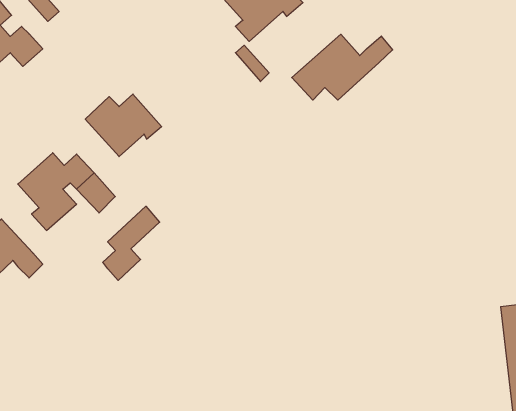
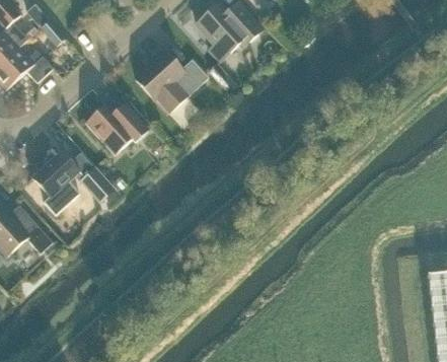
building: none -> [136,50,209,113]
building: [292,34,393,100] -> none
building: [103,206,160,280] -> none

